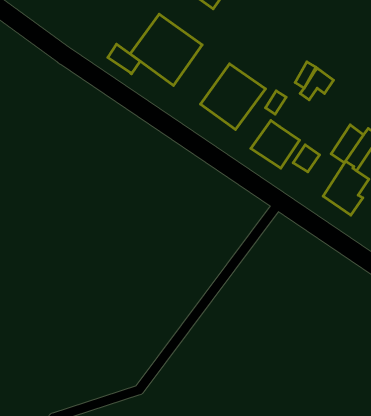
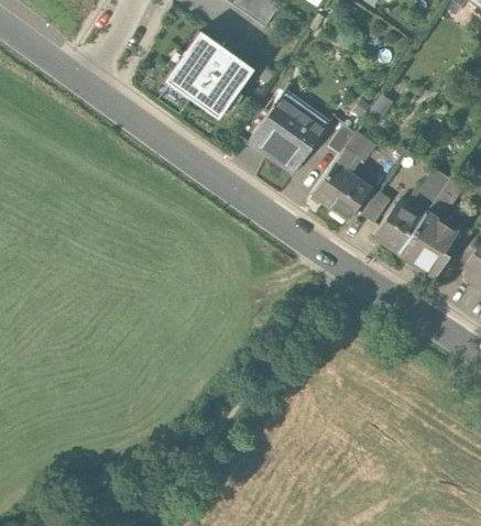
building: [108,44,140,74] -> none
building: [300,68,334,100] -> [337,131,378,169]
building: none -> [374,204,423,254]

